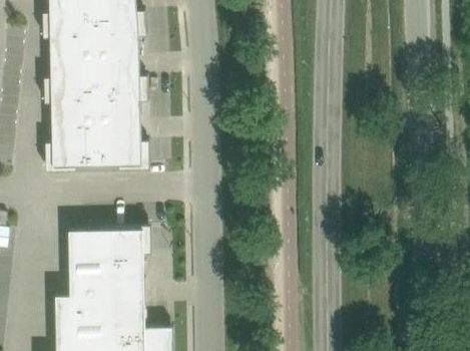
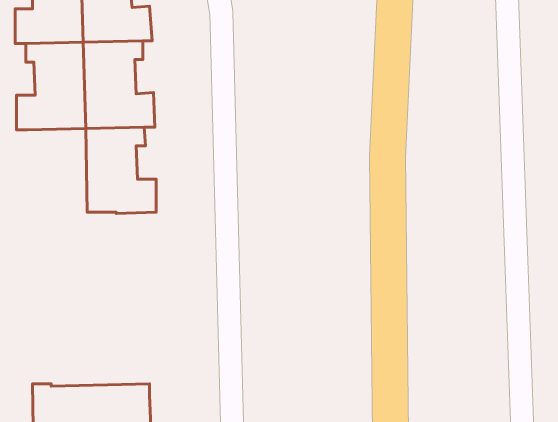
building: [44,102,96,167] -> none
building: [68,230,148,297] -> none

